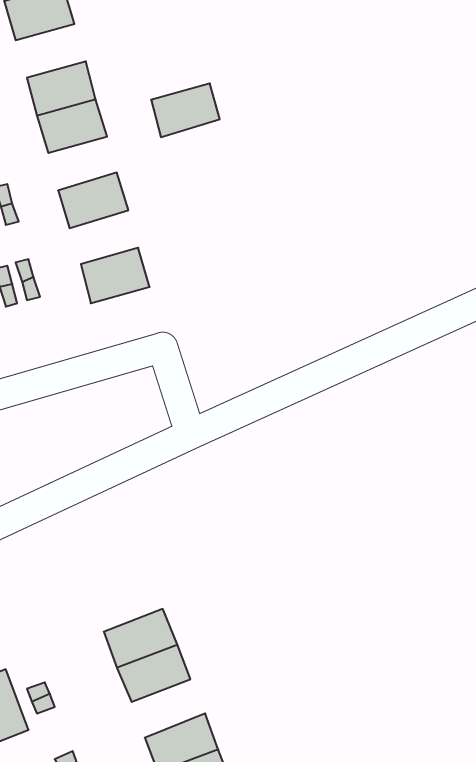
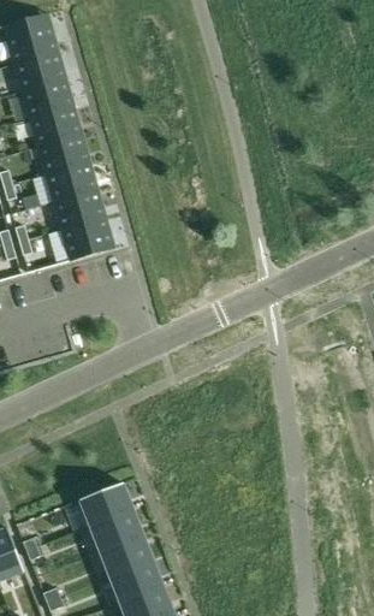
building: none -> [14,52,66,91]
building: [151,83,220,137] -> [38,135,89,174]
building: none -> [54,189,105,229]
building: none -> [100,534,154,578]

